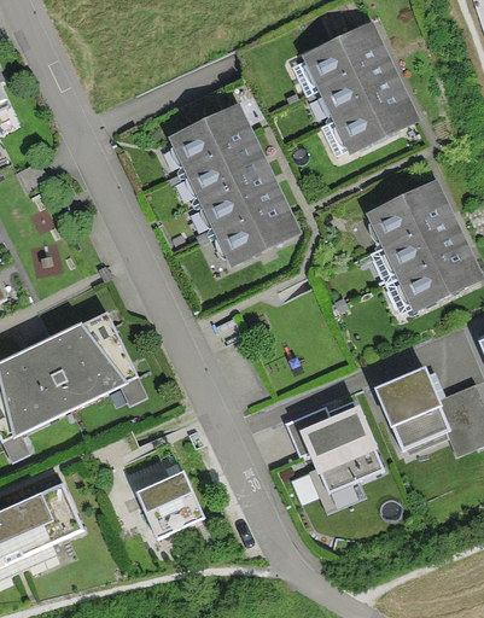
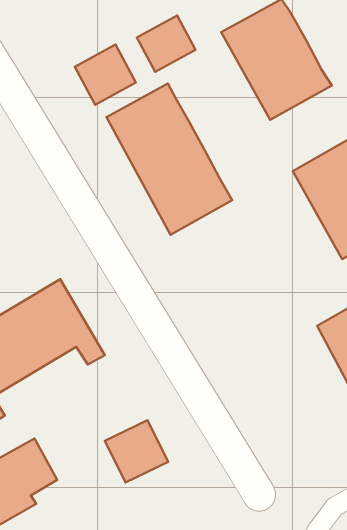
building: none -> [137,16,195,72]
building: none -> [75,44,136,105]
building: [287,404,390,512] -> none

